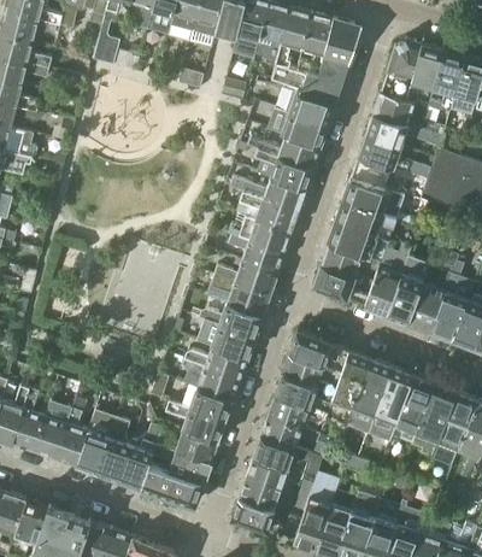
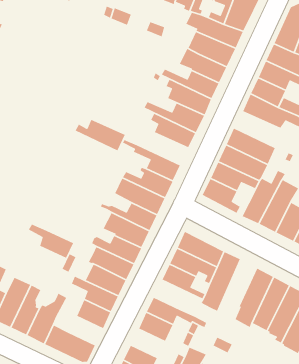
building: [342,178,400,218] -> none
building: [228,216,290,252] -> [75,119,126,151]
building: [343,358,389,438] -> none
building: [268,394,328,428] -> none
building: [153,444,211,482] -> [28,223,74,259]
building: [246,457,288,489] -> none

